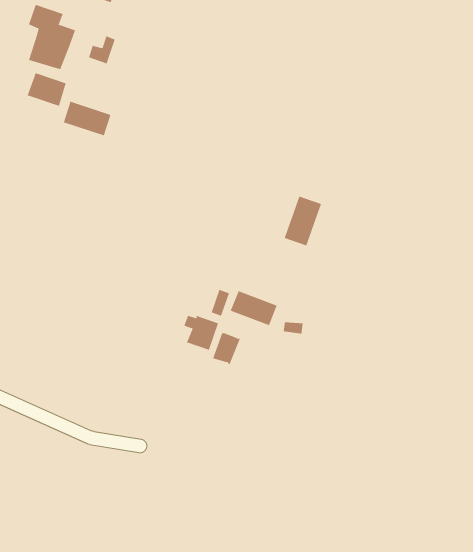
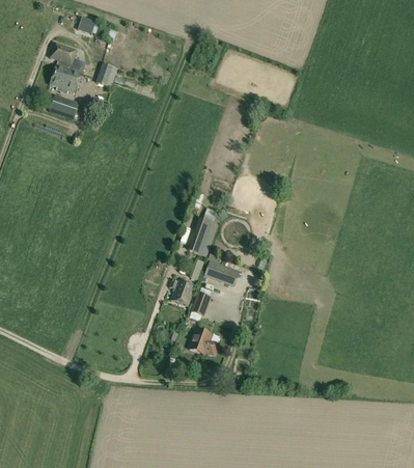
building: [63,101,111,136] -> none
building: [284,196,322,246] -> [188,218,217,256]
building: none -> [188,327,220,357]

